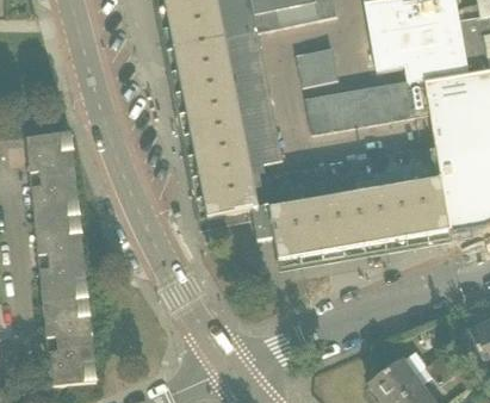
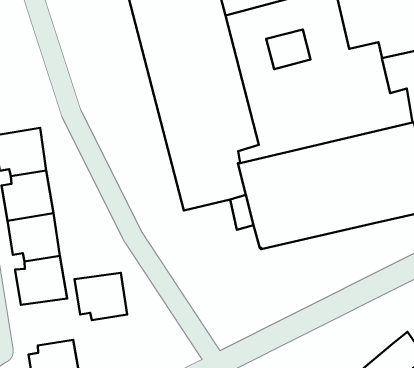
building: [304,80,413,134] -> none
building: [43,297,92,341] -> [75,273,127,320]

